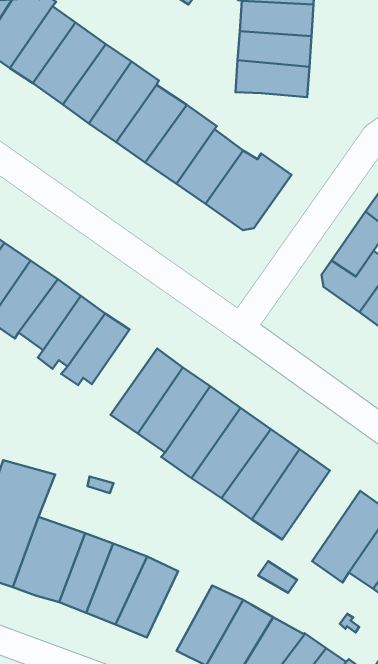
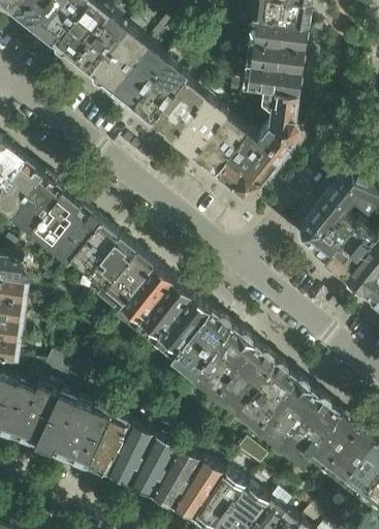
building: none -> [259,93,298,156]
building: none -> [115,264,171,328]
building: none -> [256,380,317,447]
building: none -> [150,448,201,508]

